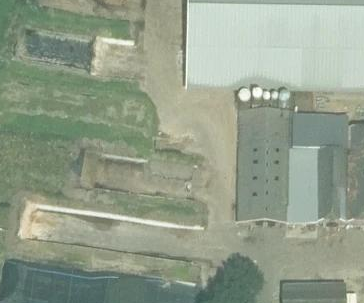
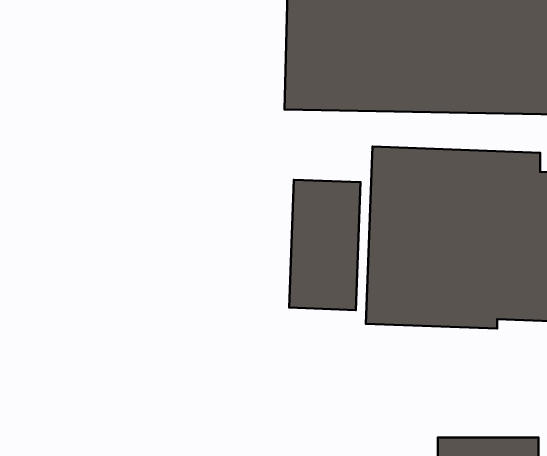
building: none -> [289,180,360,310]

